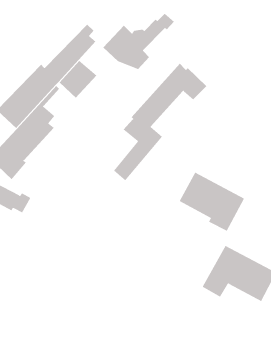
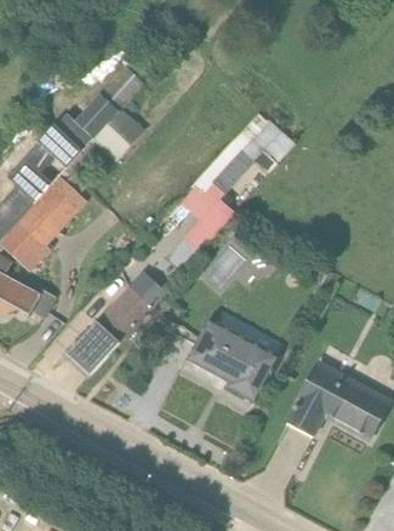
building: [103,13,175,70] -> none
building: [179,172,245,232] -> [189,318,279,399]
building: none -> [69,284,153,372]

